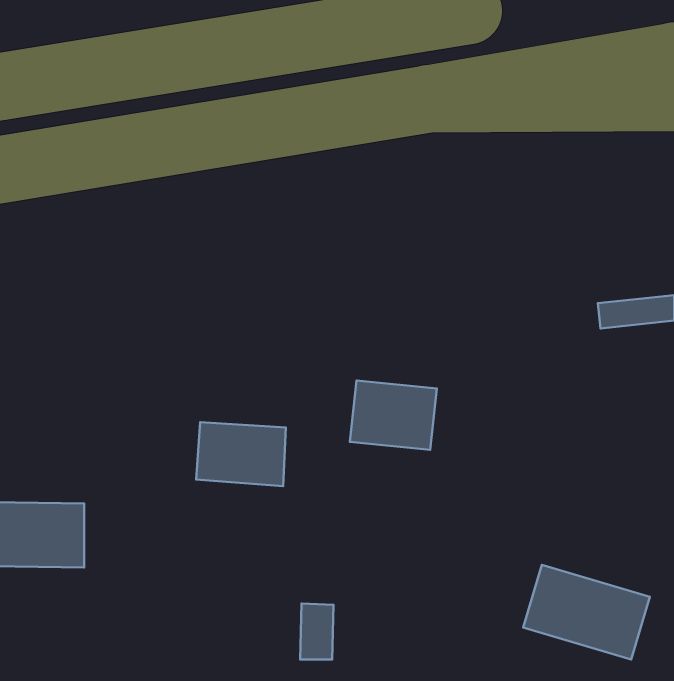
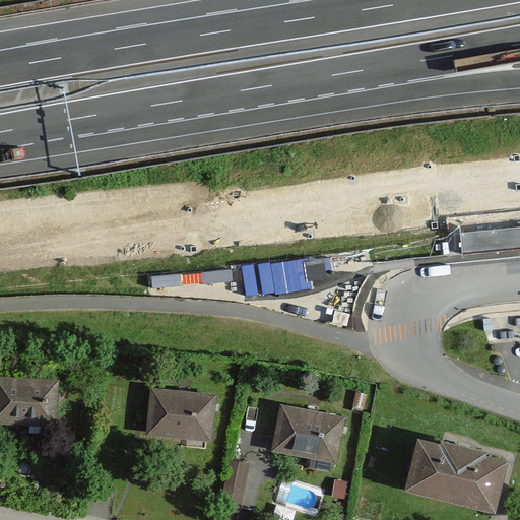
building: [350,380,437,450] -> [271,406,337,459]
building: [196,422,286,486] -> [149,394,217,443]

